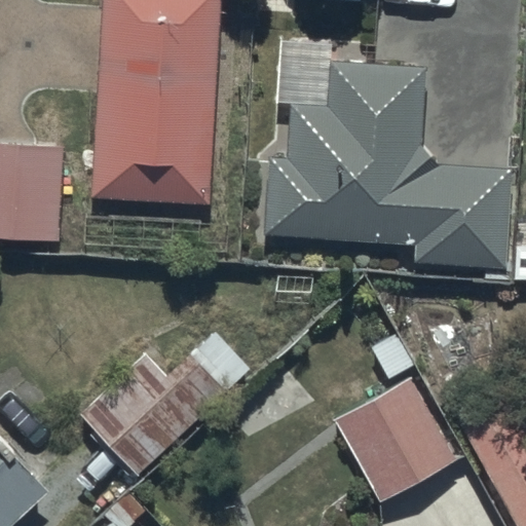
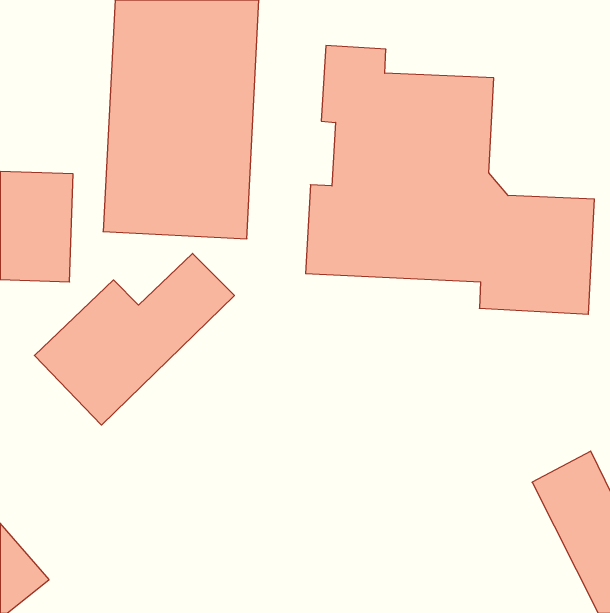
building: [78,330,250,477] -> [34,253,234,425]
building: [333,376,457,503] -> none

